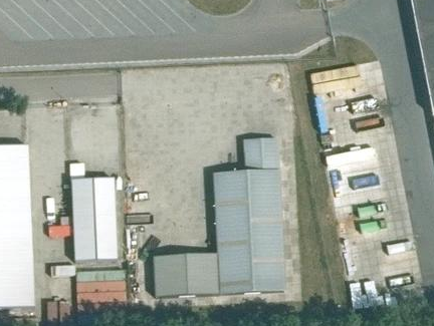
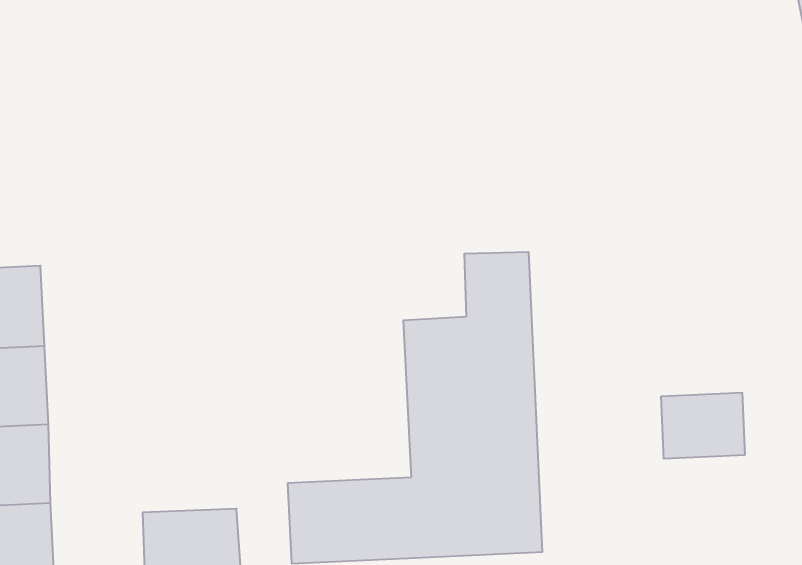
building: [70,177,116,261] -> none
building: none -> [661,393,745,459]

